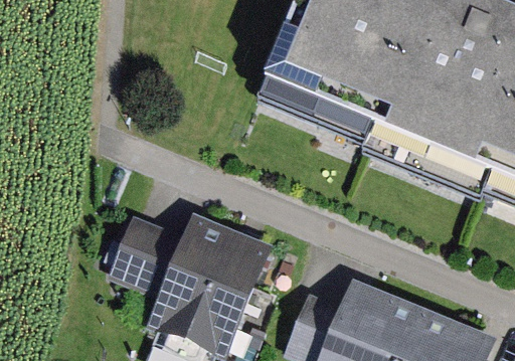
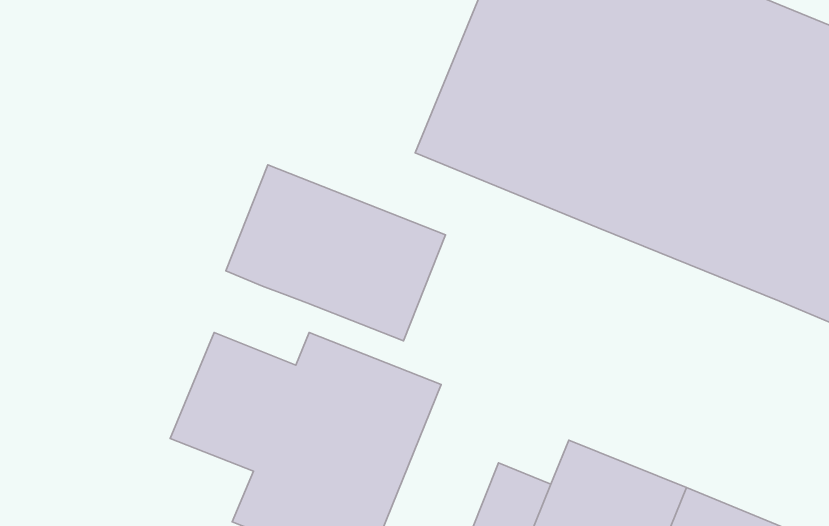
building: none -> [226,165,445,341]

